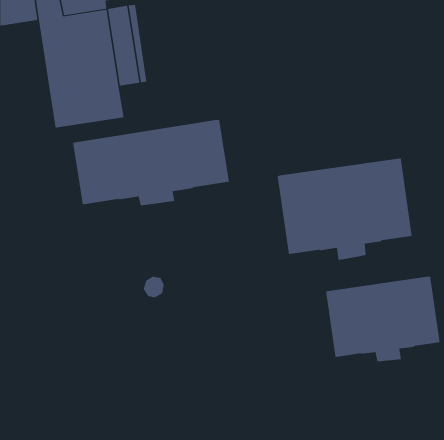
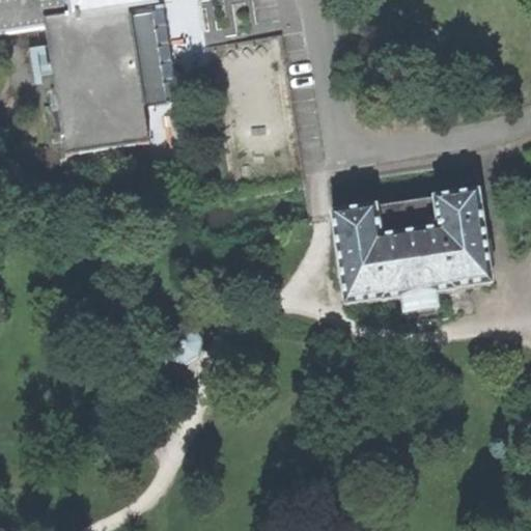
building: [72,119,230,206] -> none
building: [326,276,440,362] -> none

